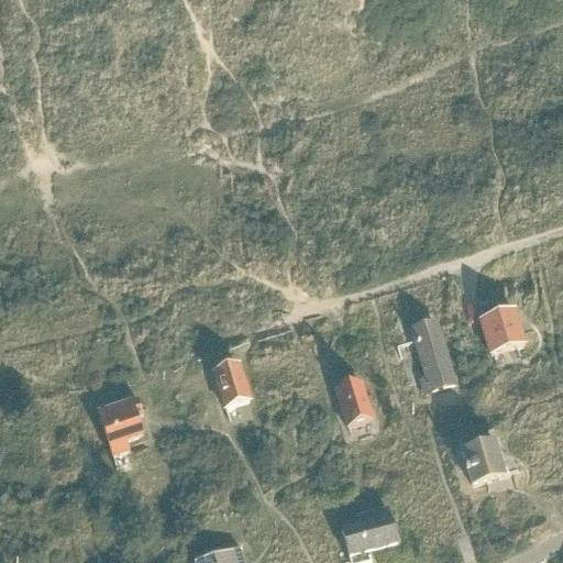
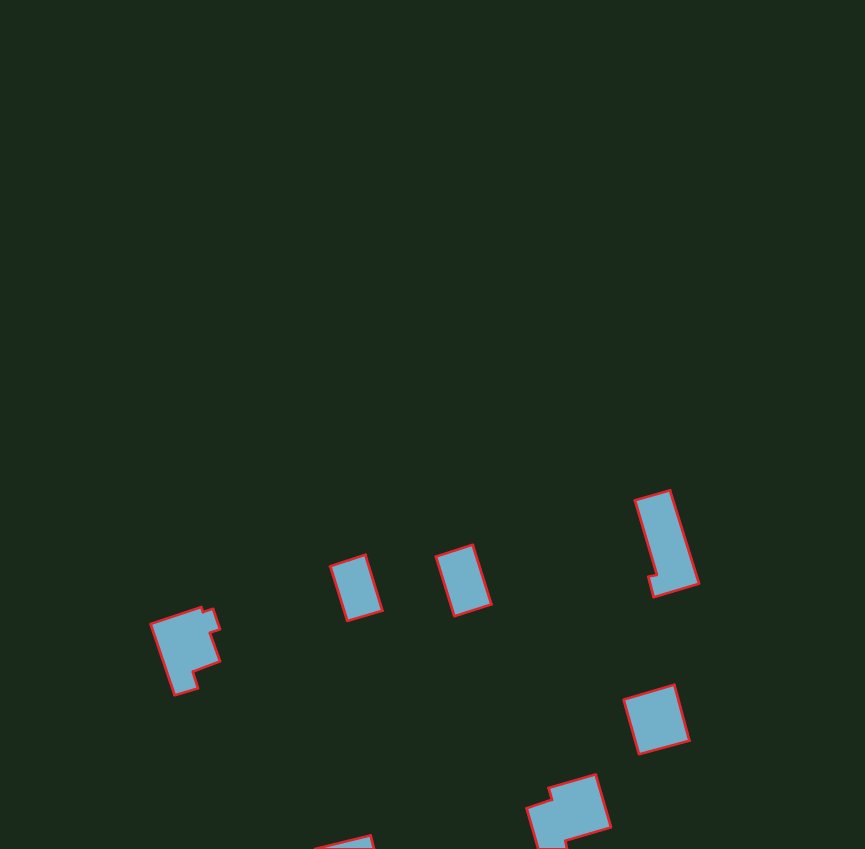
building: [481,306,523,351] -> none
building: [335,377,372,423] -> [436,545,492,616]
building: [462,435,505,481] -> [624,685,690,754]

